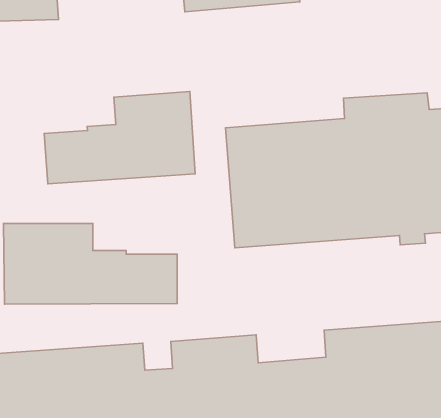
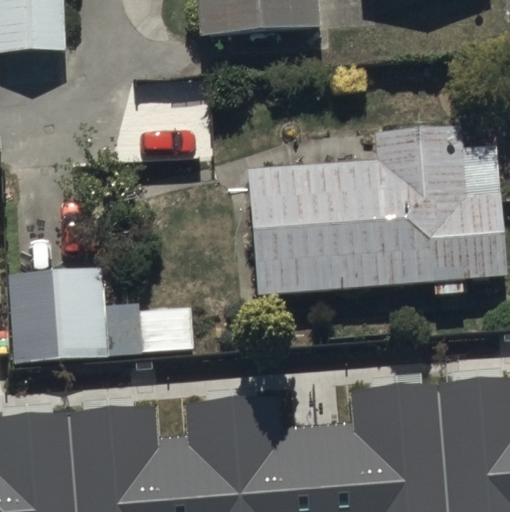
building: [44,91,195,184] -> none

